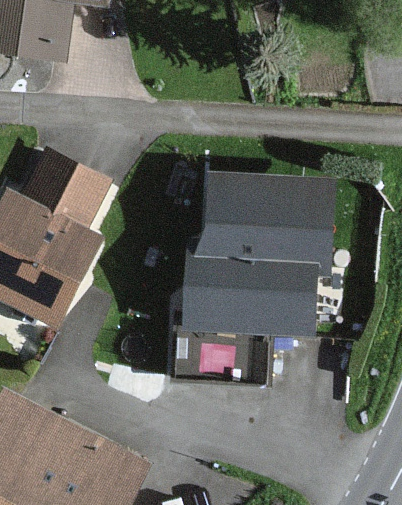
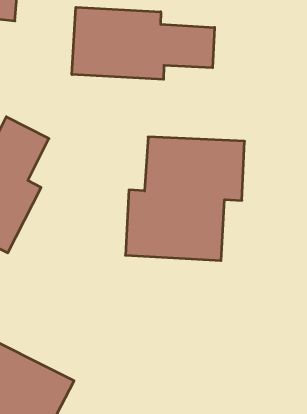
building: none -> [72,7,215,79]

